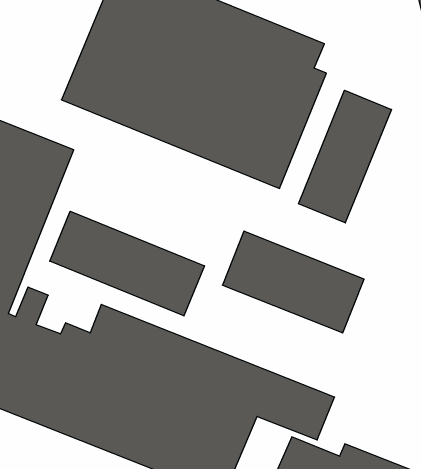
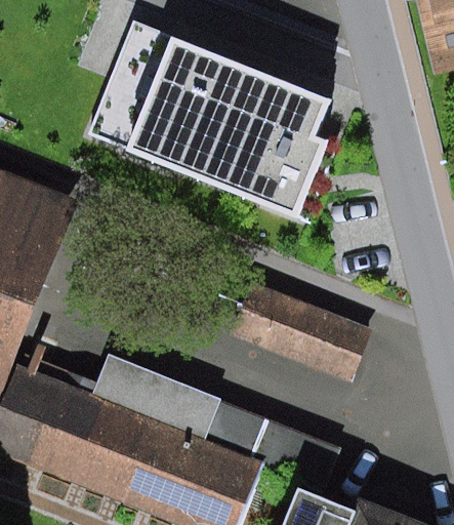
building: [298,90,391,223] -> none
building: [50,211,204,316] -> none

